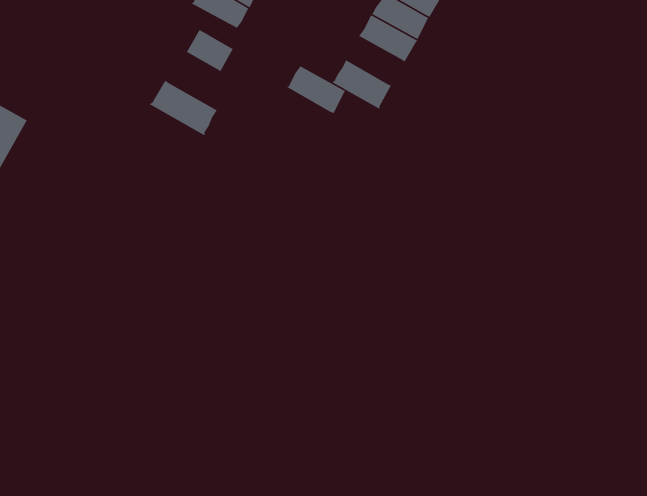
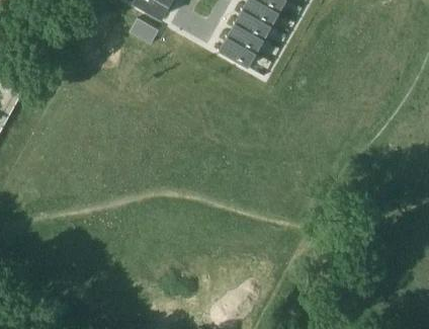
building: [287,64,348,114] -> [227,22,264,53]
building: [148,78,220,137] -> none

